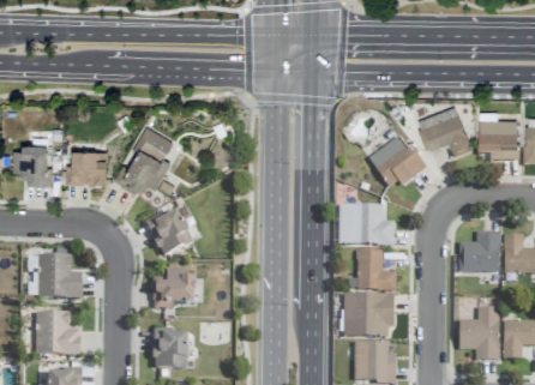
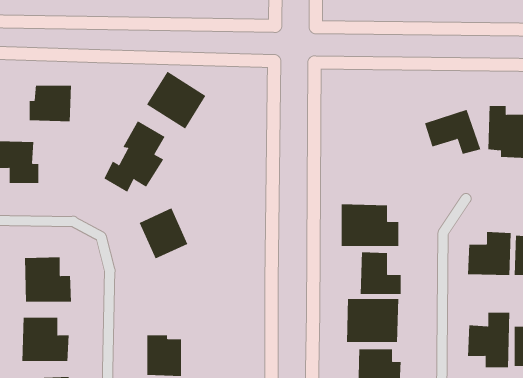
building: none -> [146,71,206,129]
building: [369,136,426,187] -> none
building: [66,149,107,184] -> [29,85,72,122]
building: [154,267,194,308] -> none

